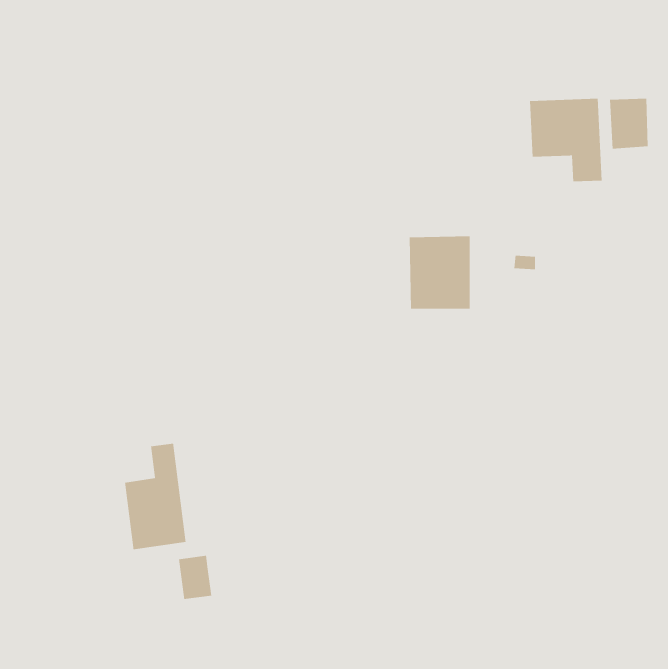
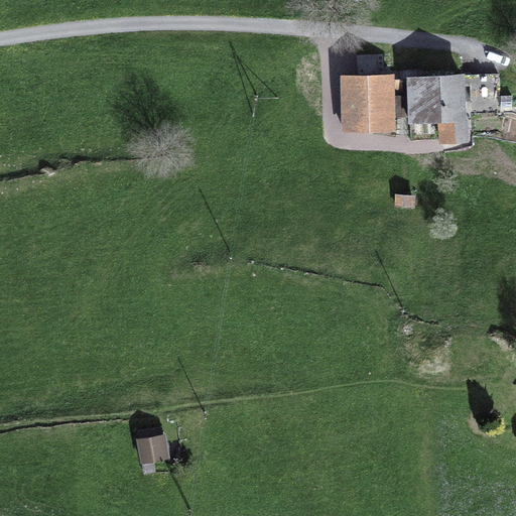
building: [409,236,470,309] -> [344,75,391,131]
building: [125,443,186,550] -> none

